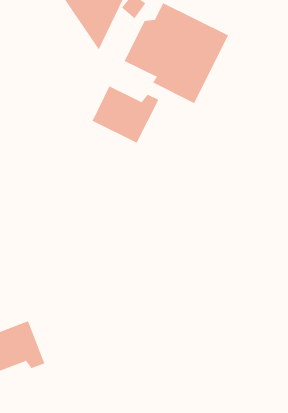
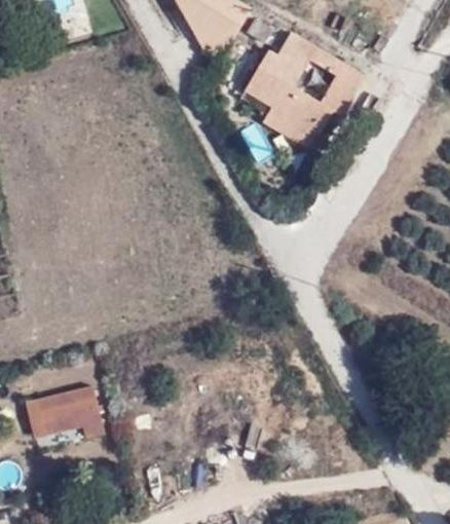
building: [92,86,159,144] -> none

